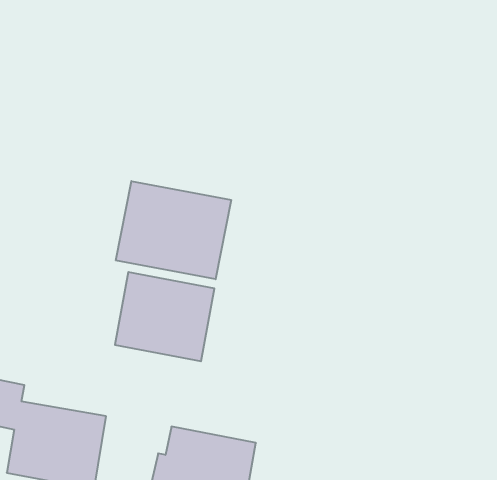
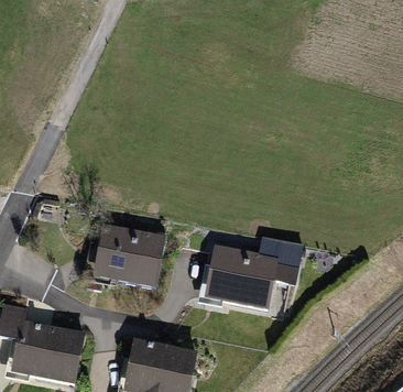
building: [116,181,231,279] -> none
building: none -> [205,235,304,311]

